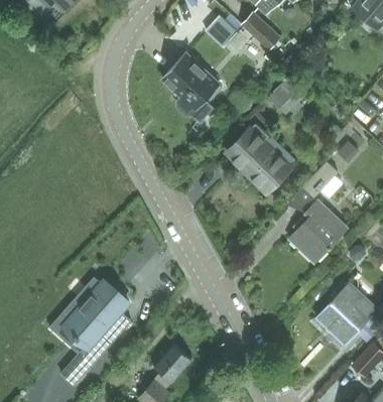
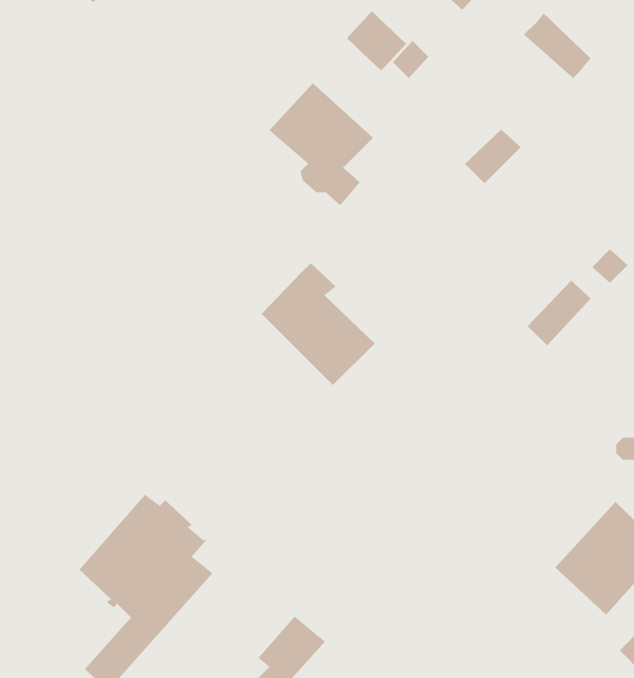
building: [242,13,279,49] -> [523,12,592,79]
building: [227,124,289,191] -> [261,262,375,386]
building: [288,199,348,264] -> none

